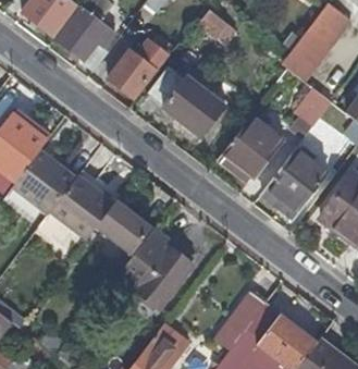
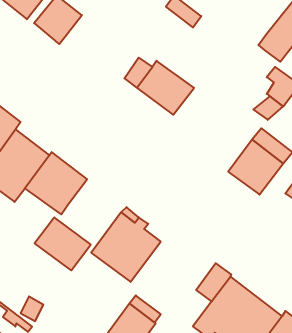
building: [106,38,169,96] -> none
building: [218,115,282,179] -> none
building: [91,200,150,256] -> [35,217,91,270]

